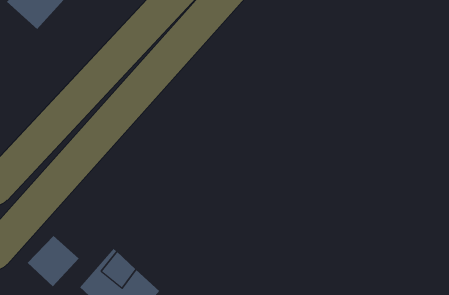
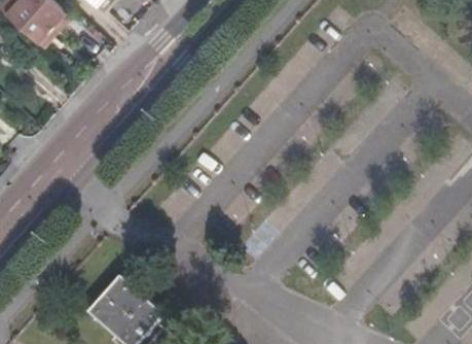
building: [27,235,79,287] -> none

